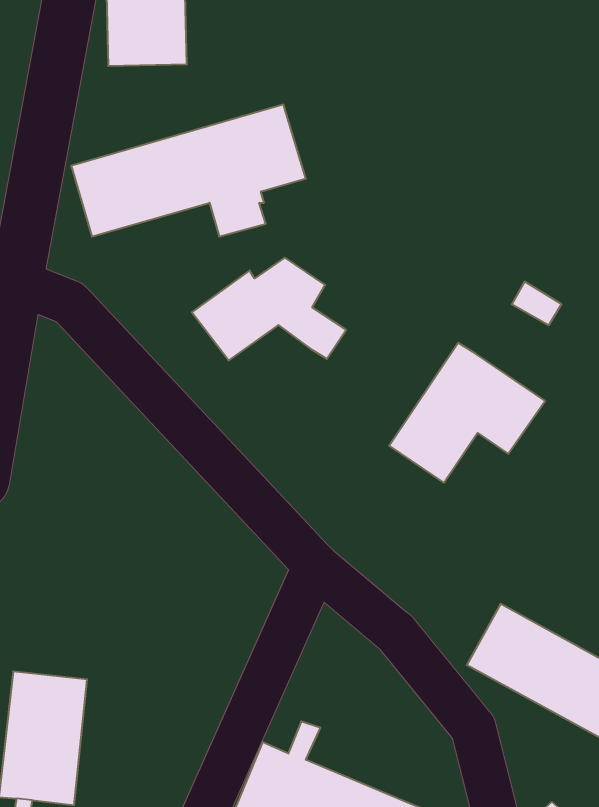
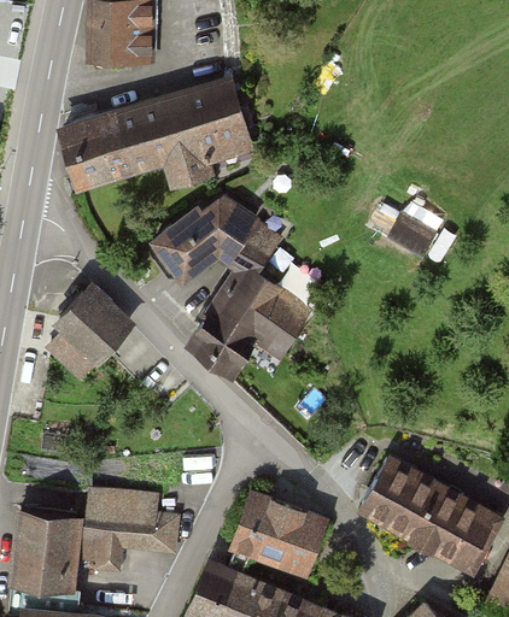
building: [389,343,545,483] -> [192,266,309,371]
building: none -> [51,292,125,376]
building: none -> [84,489,179,571]
building: none -> [235,495,322,570]

